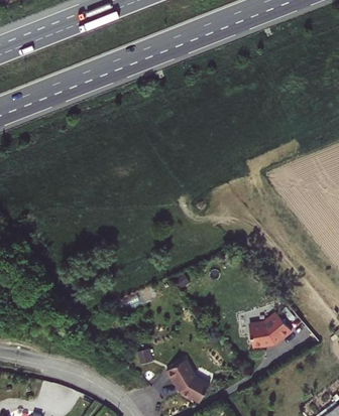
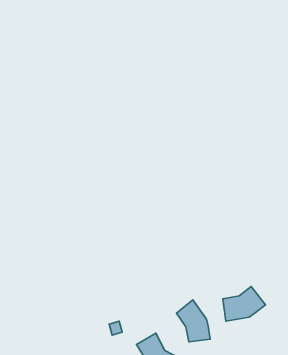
building: none -> [177,300,210,342]

